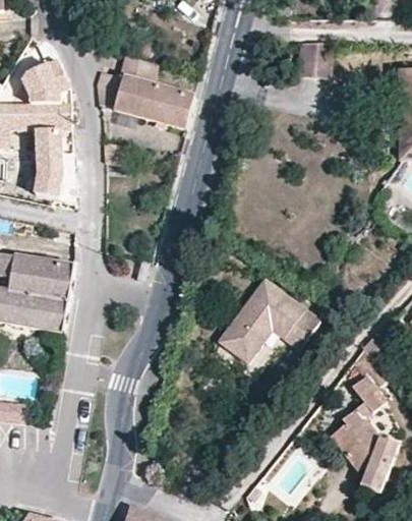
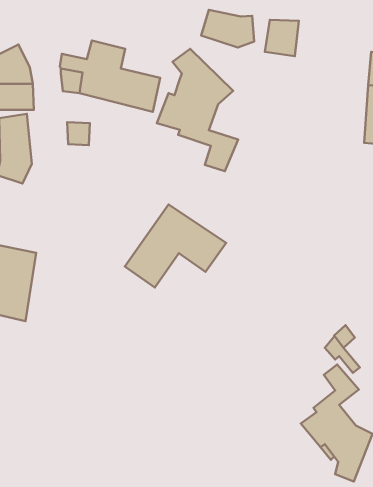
building: none -> [201,10,254,47]
building: none -> [157,49,238,171]
building: [217,282,316,363] -> [125,205,226,287]

